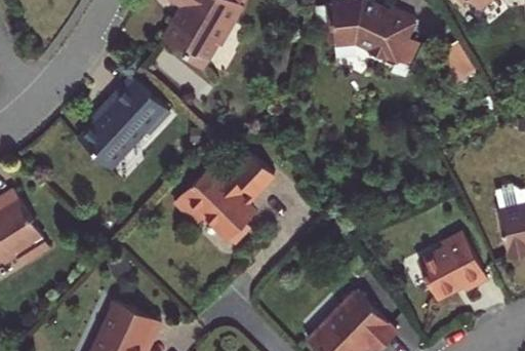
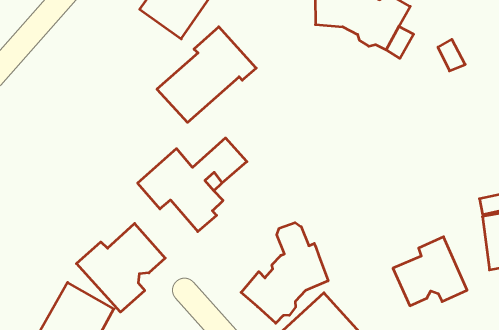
building: [79,76,170,167] -> [157,27,256,122]
building: none -> [241,223,328,323]
building: none -> [76,223,165,312]

